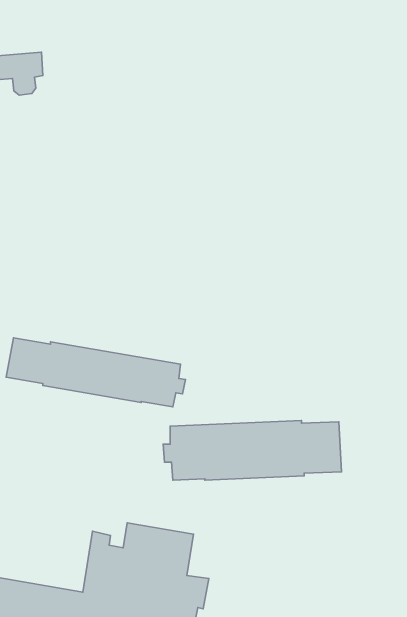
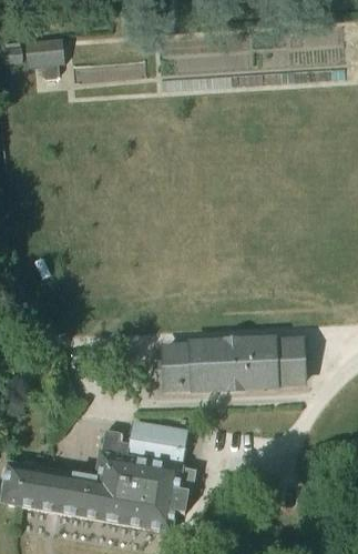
building: [6,338,186,407] -> none

